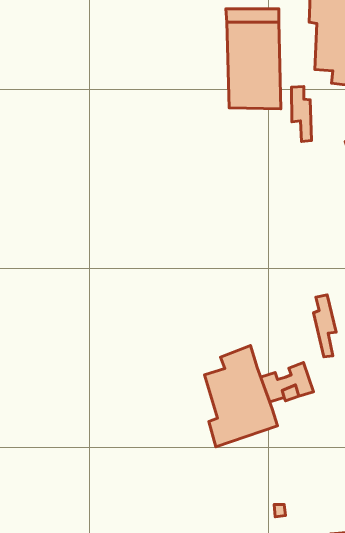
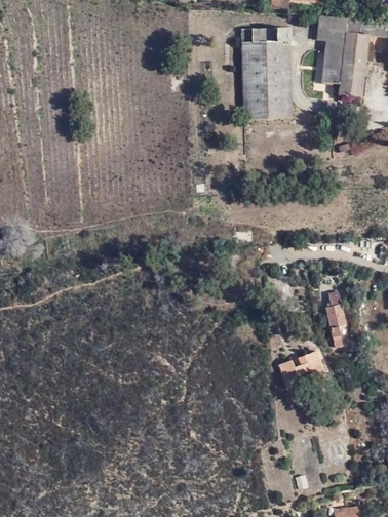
building: [291,87,311,142] -> none
building: [205,346,278,447] -> none

